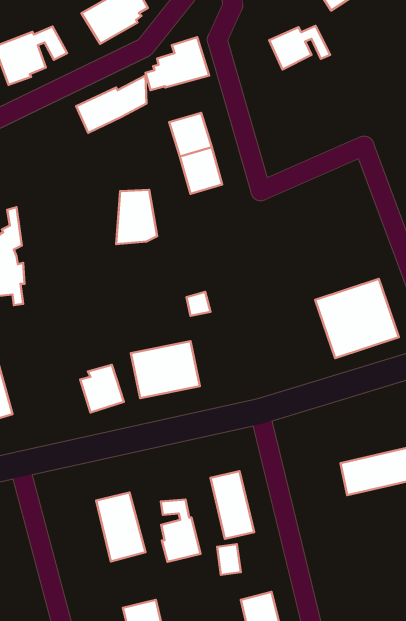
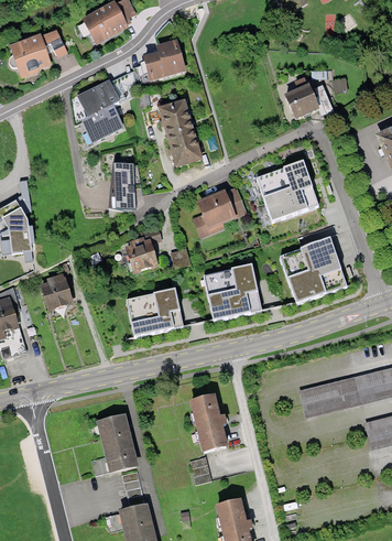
building: [269,26,330,69] -> [285,84,336,120]
building: none -> [81,102,128,143]
building: none -> [258,161,322,225]
building: none -> [192,187,244,239]
building: none -> [122,235,162,275]
building: none -> [198,263,259,321]
building: [80,365,124,413] -> [36,272,73,312]
building: [161,500,200,562] -> none

